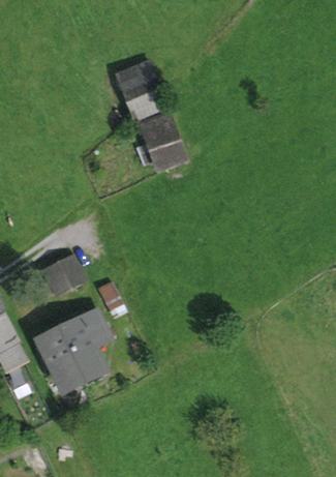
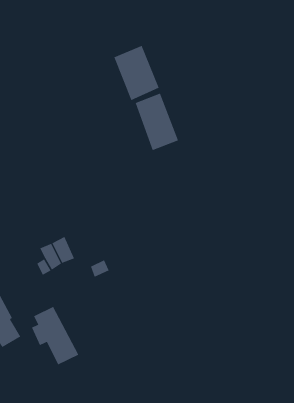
building: [59,311,109,379] -> none

